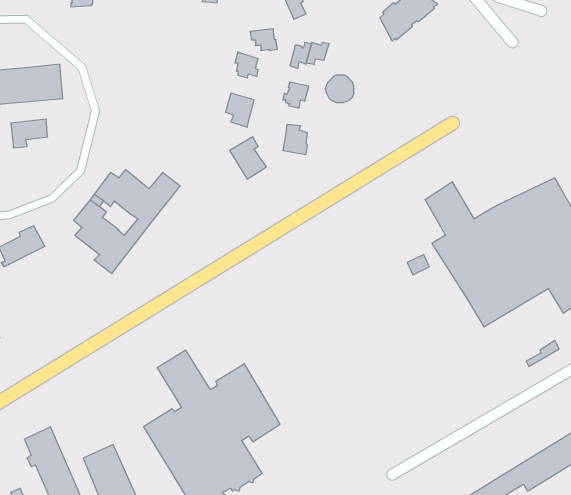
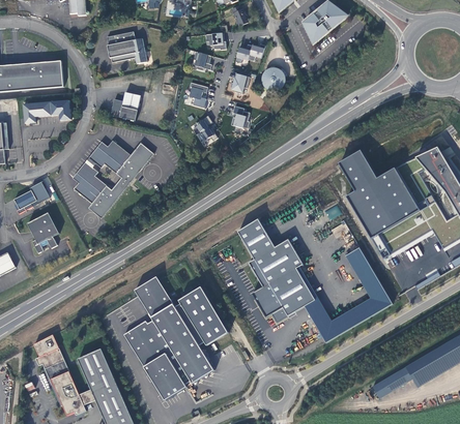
building: none -> [107,31,147,64]
building: none -> [111,91,141,120]
building: none -> [28,212,59,253]
building: none -> [238,218,393,342]

